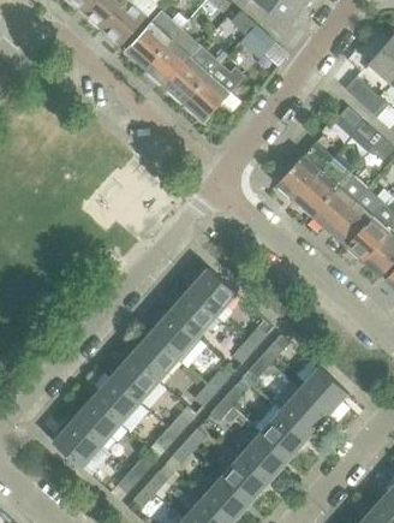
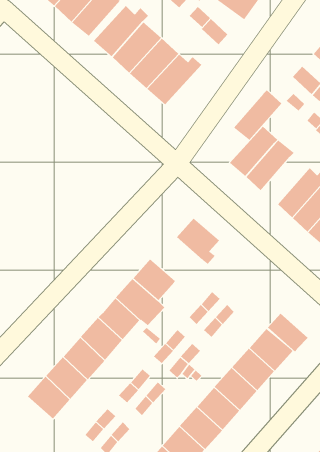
building: [311,173,365,230] -> [233,90,282,141]
building: [189,268,237,320] -> [176,218,220,265]
building: none -> [267,313,308,352]

